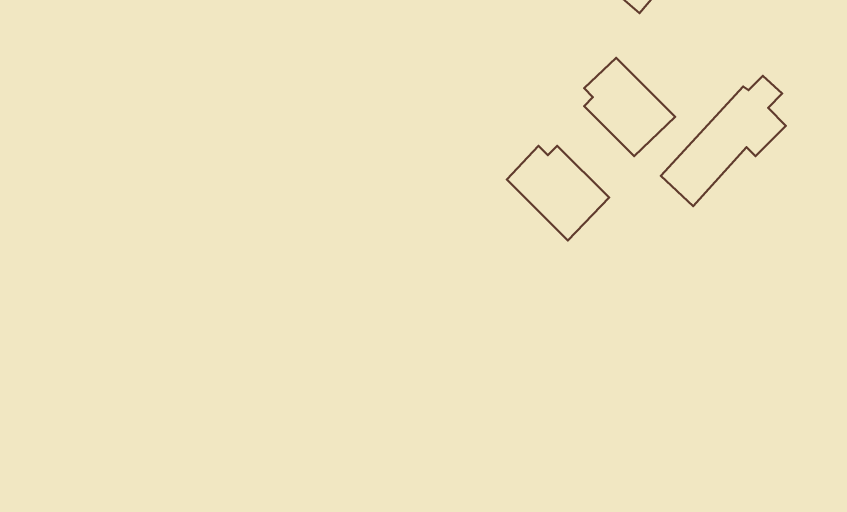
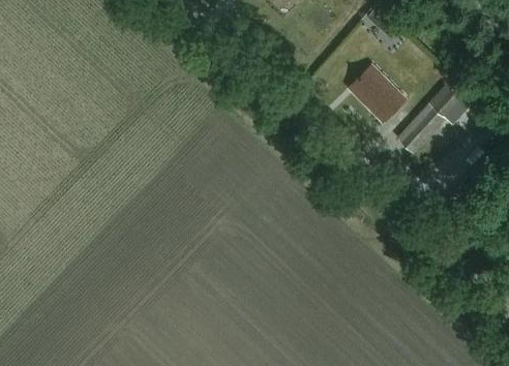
building: [507,146,609,241] -> none

